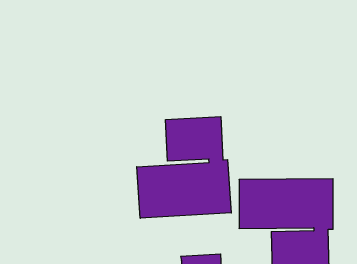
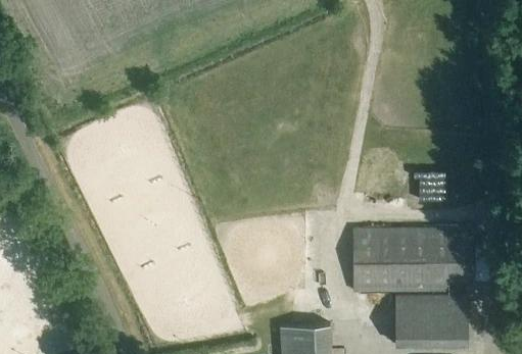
building: [137,117,231,218] -> none

